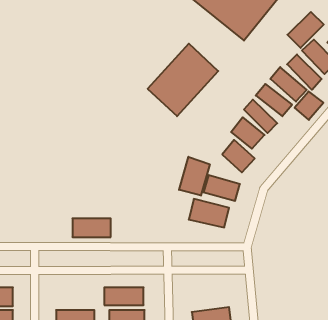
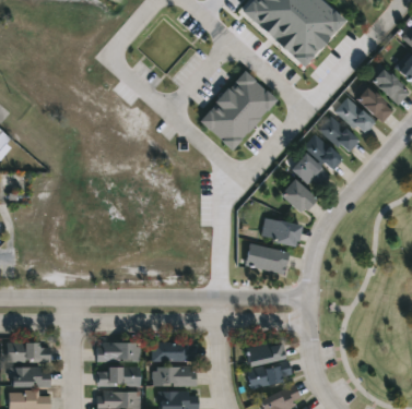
building: [287,12,324,48] -> none
building: [295,91,323,120] -> none
building: [179,157,210,196] -> none
building: [72,218,111,237] -> [96,341,139,362]
building: none -> [246,345,285,364]

